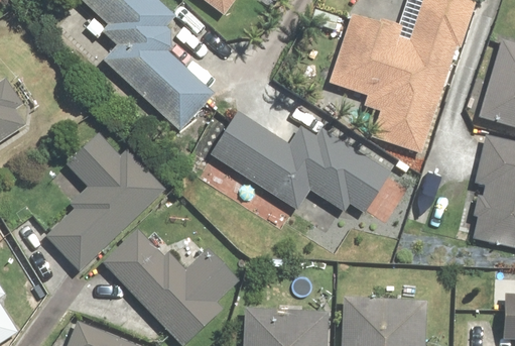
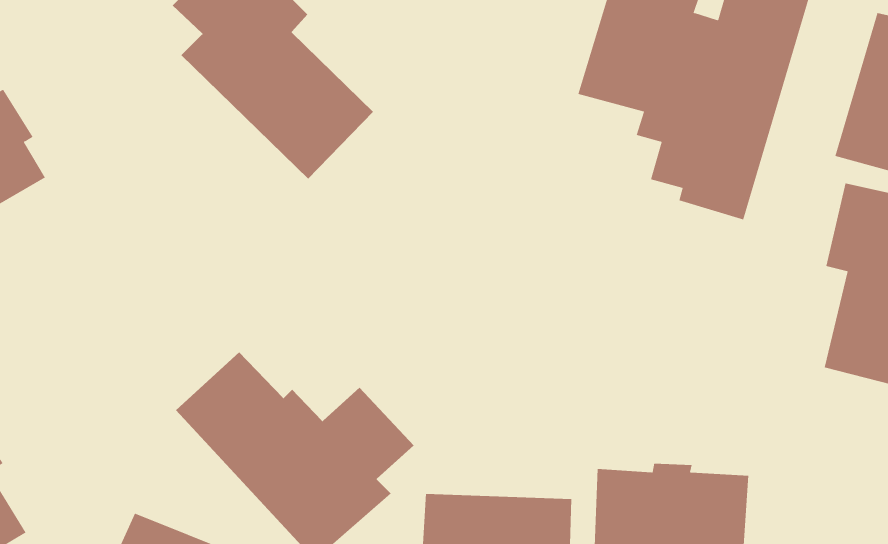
building: [213,113,390,215] -> none
building: [43,128,167,275] -> none

